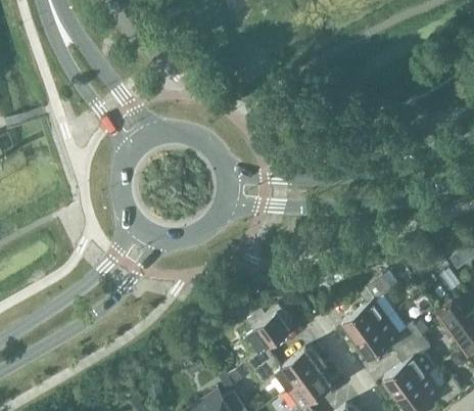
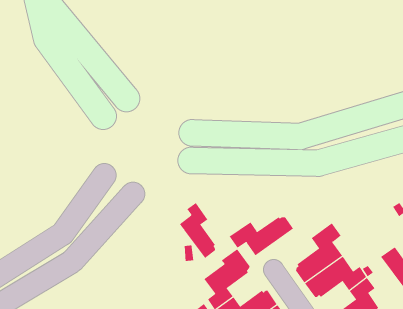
building: none -> [179,202,216,259]
building: none -> [229,216,294,256]

